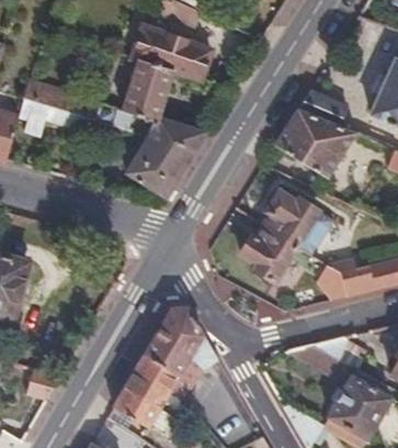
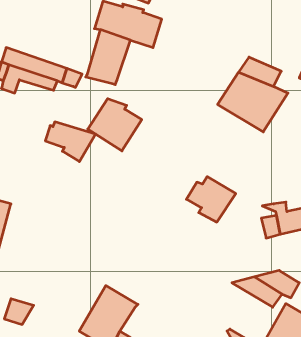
building: [147,116,205,163] -> [45,122,96,162]
building: [262,190,319,248] -> none
building: [145,309,219,389] -> none

